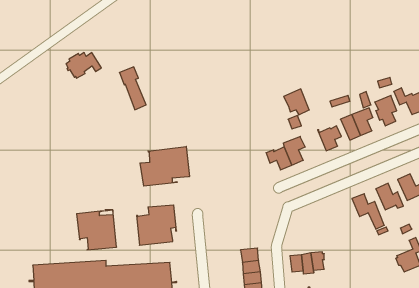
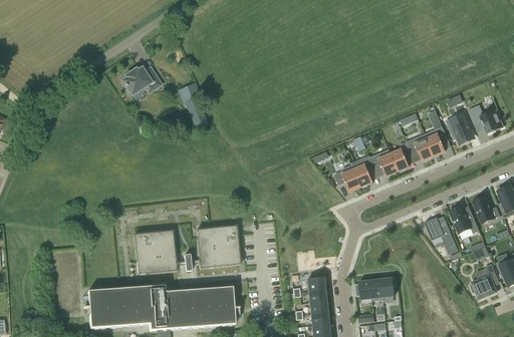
building: [284,89,309,115] -> [369,148,397,176]
building: [140,146,189,186] -> none

